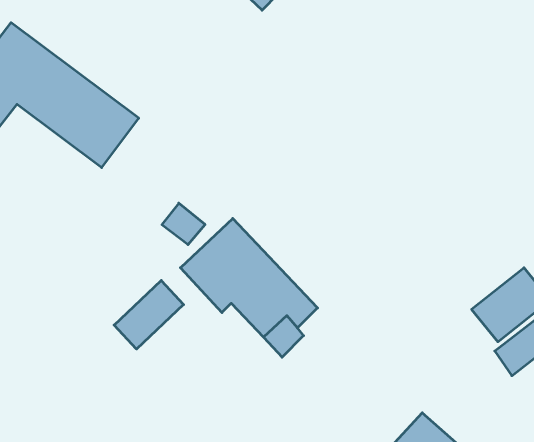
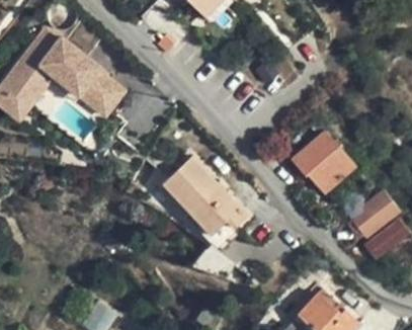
building: none -> [291,130,355,193]
building: [114,280,184,349] -> none

